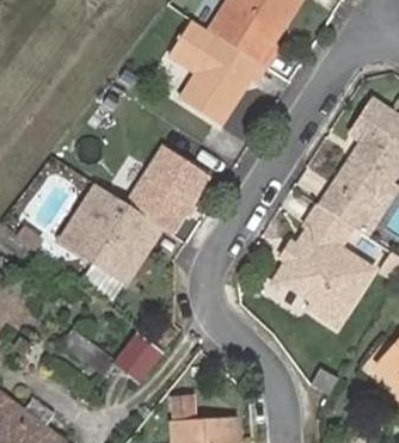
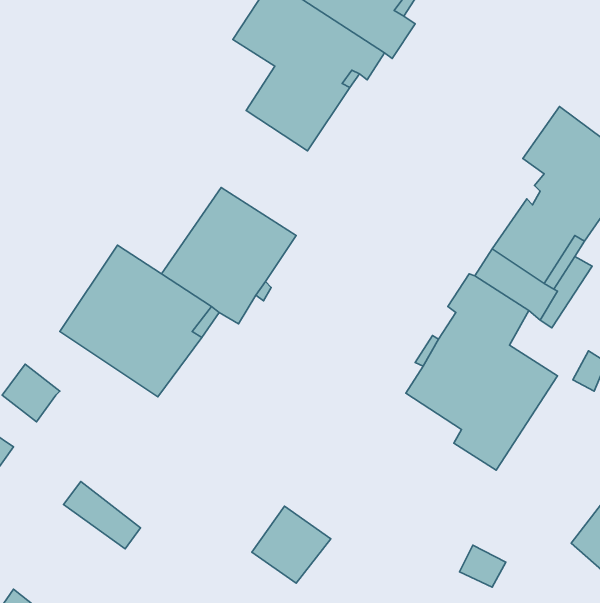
building: [113,336,162,383] -> [252,506,331,583]

